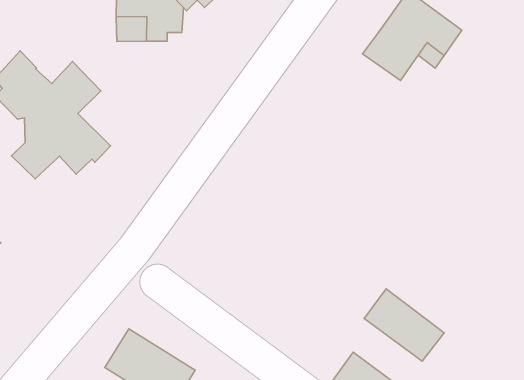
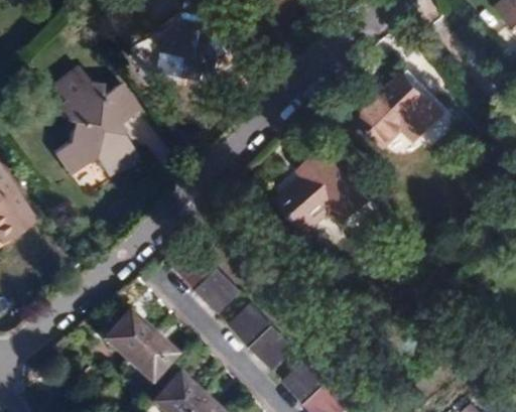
building: none -> [277,150,366,231]
building: none -> [175,247,239,310]
building: [364,289,444,361] -> [230,303,293,368]

